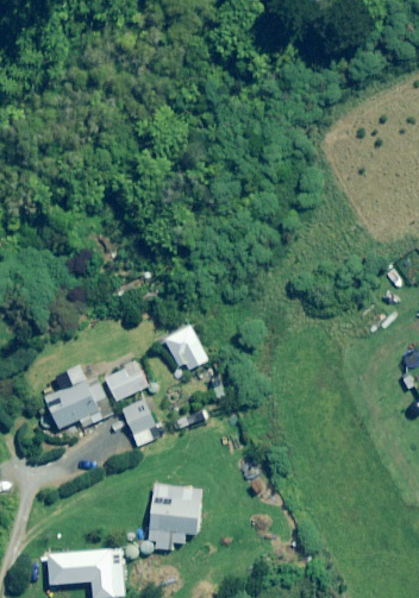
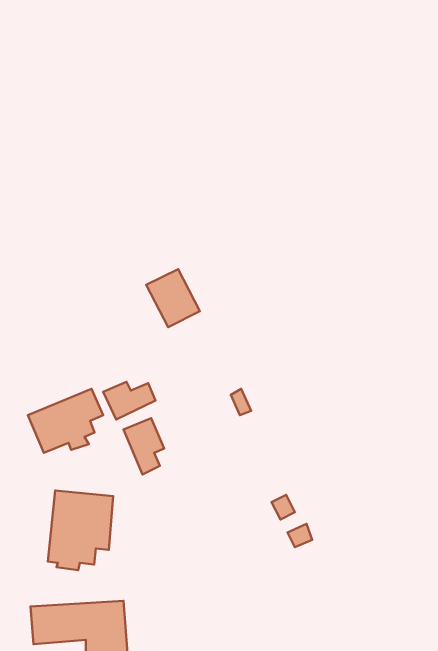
building: [164,326,208,373] -> [146,269,200,327]
building: [148,484,201,549] -> [48,490,113,570]

